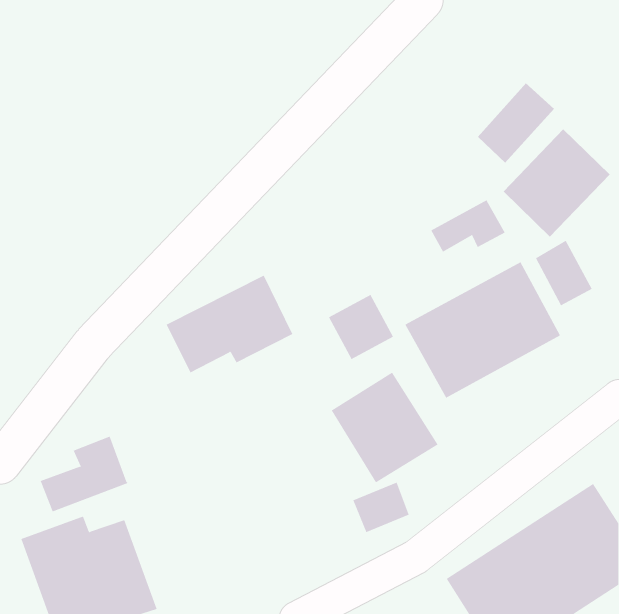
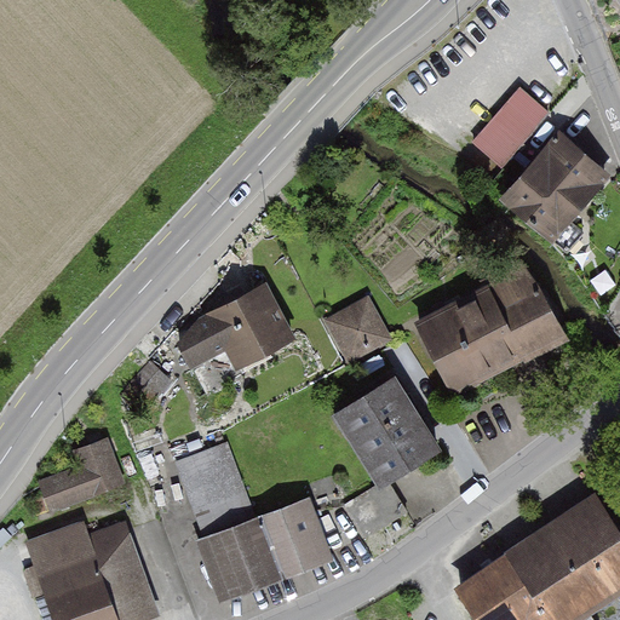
building: [431,199,505,252] -> none
building: [535,240,593,306] -> none
building: none -> [176,443,334,603]

